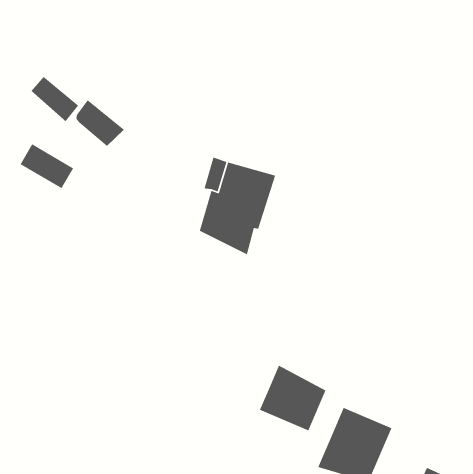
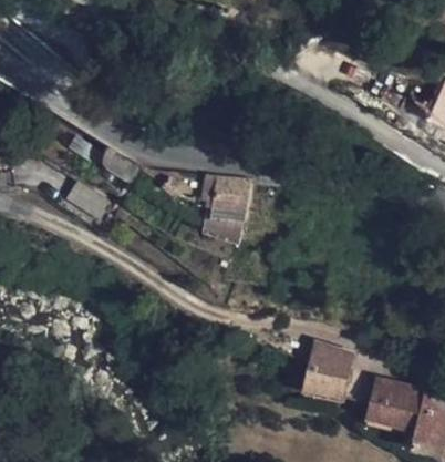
building: [259,364,327,432] -> none

